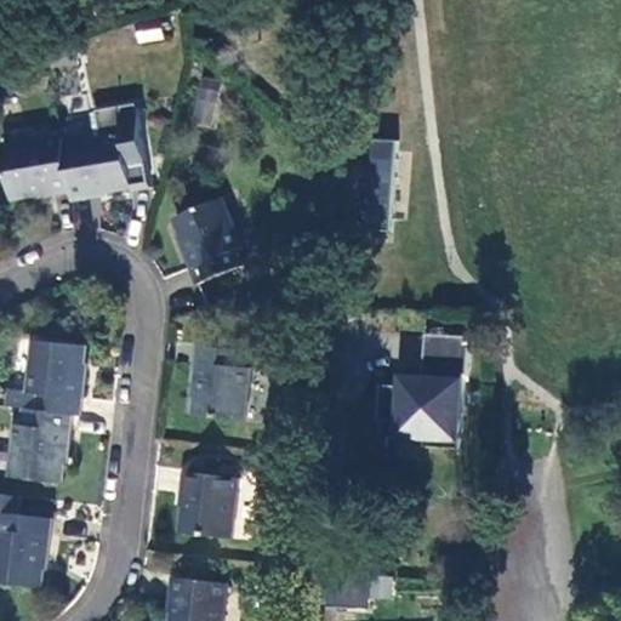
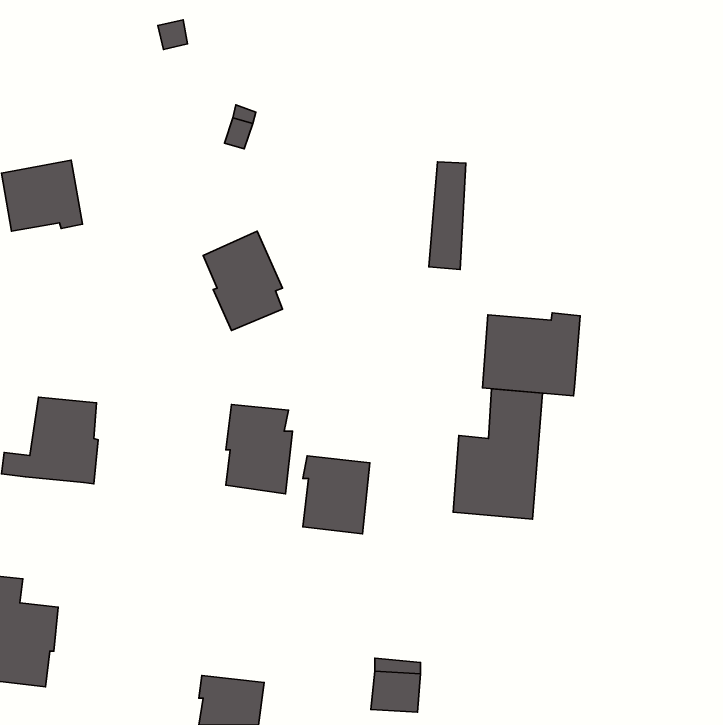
building: [62,106,148,201] -> none
building: none -> [482,313,580,396]
building: [10,408,72,483] -> none
building: [181,472,238,539] -> [303,456,370,534]

